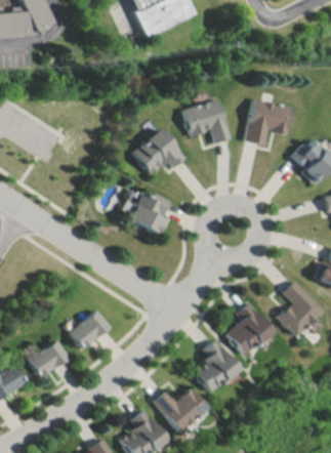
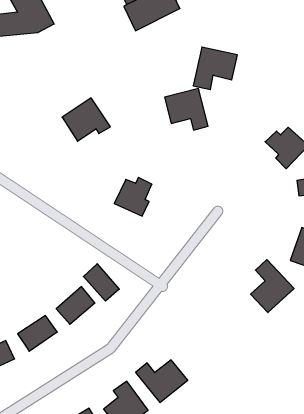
building: [244,99,291,145] -> [193,47,237,90]
building: [132,129,183,175] -> [62,98,110,141]
building: none -> [83,264,119,301]
building: [223,303,270,356] -> none
building: [191,340,237,393] -> none

